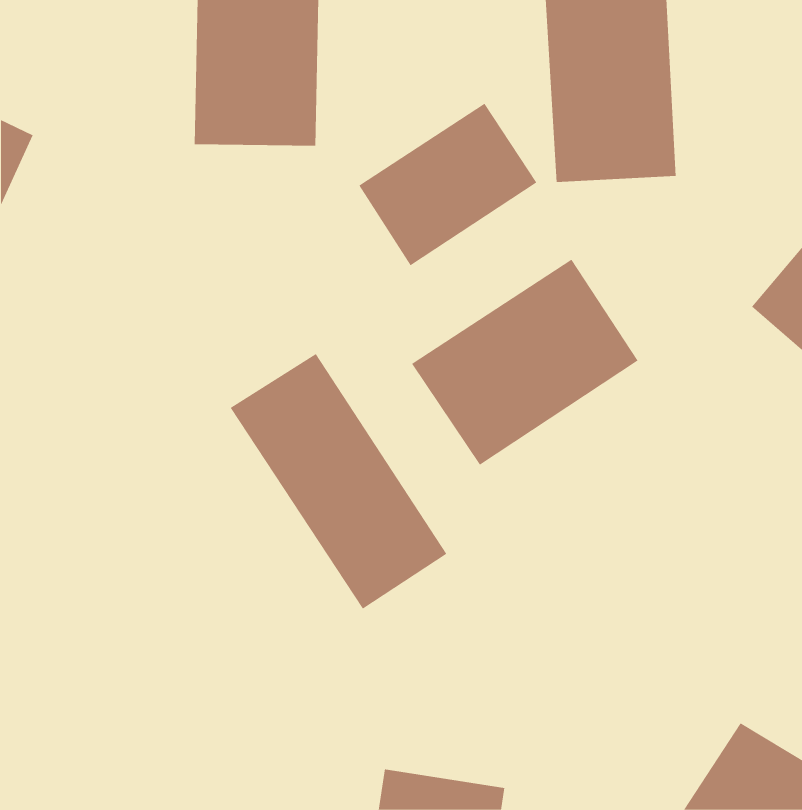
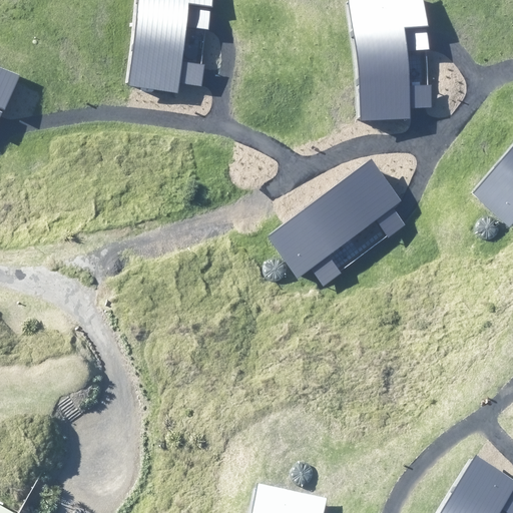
building: [359,103,537,266] -> none
building: [230,353,447,610] -> none

